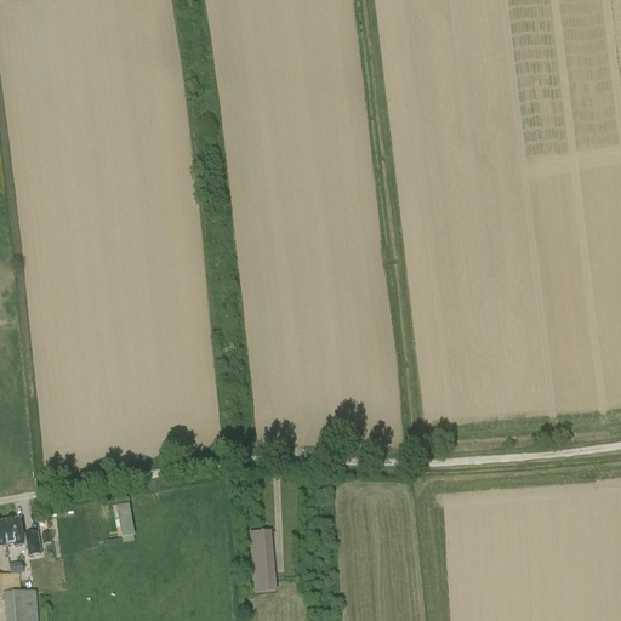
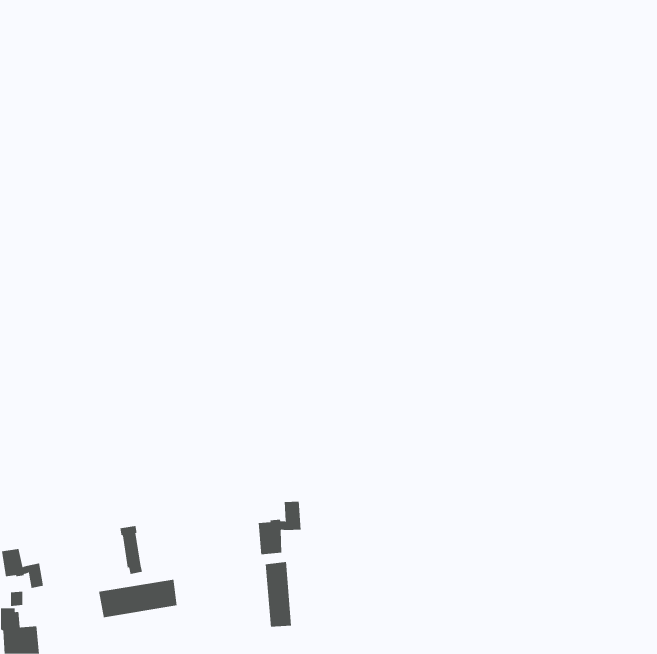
building: none -> [258,501,301,555]
building: none -> [98,579,177,618]

